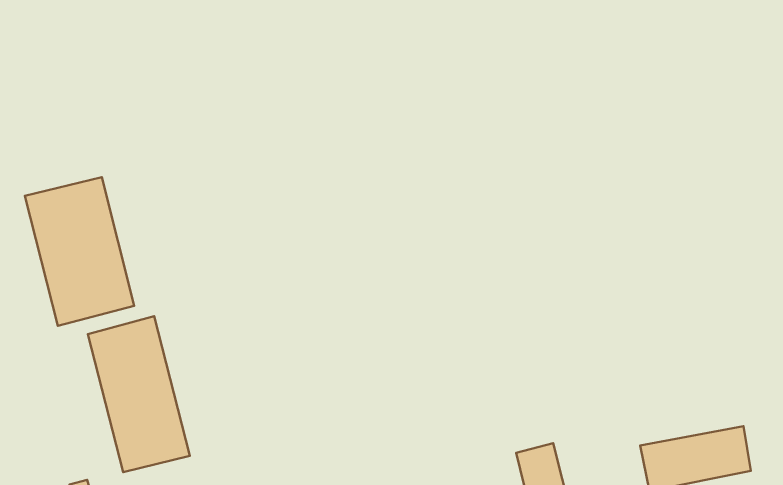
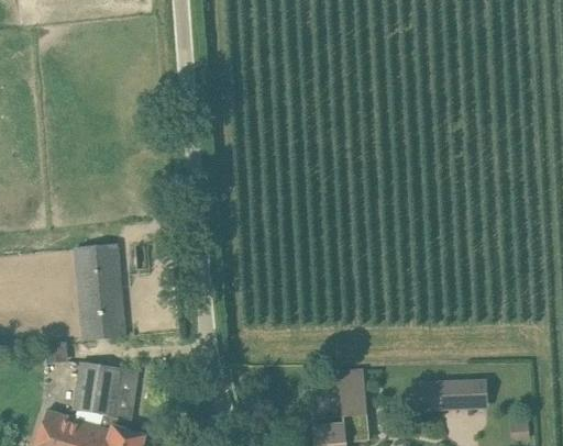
building: [25,177,134,326] -> none

